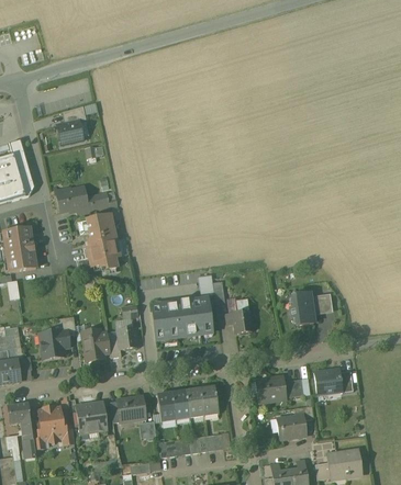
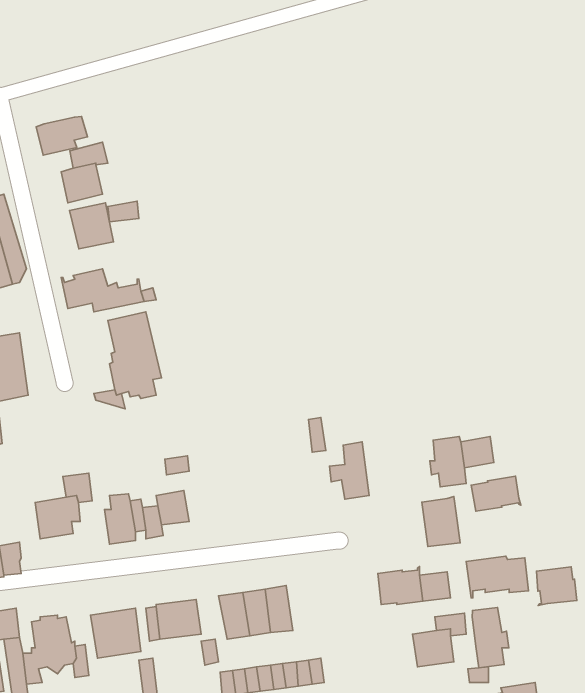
building: none -> [36,116,87,155]
building: none -> [70,203,114,249]
building: [151,295,212,341] -> none
building: none -> [471,476,521,511]
building: none -> [422,496,460,547]
building: none -> [536,567,577,606]
building: [199,385,219,416] -> none
building: none -> [472,607,509,668]

